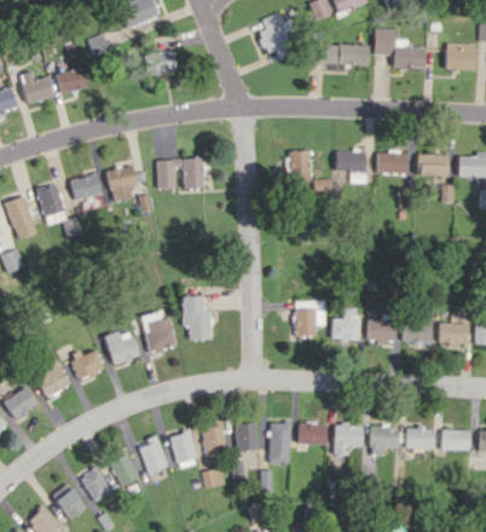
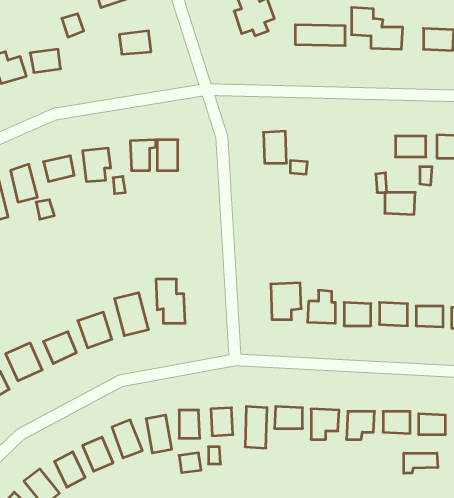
building: [336,151,366,172] -> none
building: [377,152,407,174] -> [385,192,415,214]
building: none -> [404,453,438,473]

